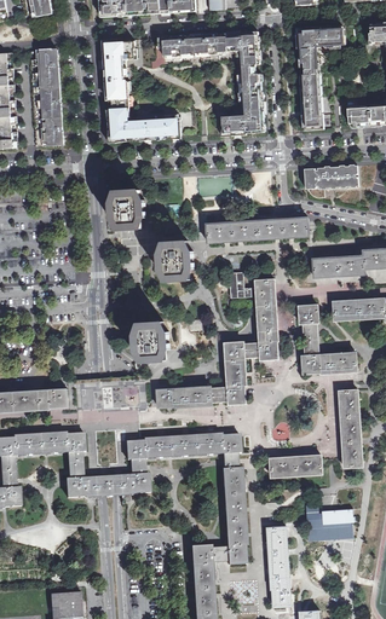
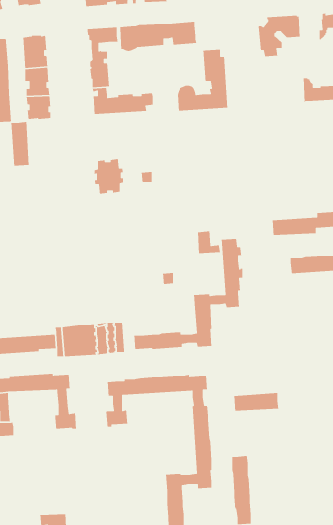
building: [226,31,260,65] -> none
building: [300,73,323,129] -> none
building: none -> [10,121,30,166]
building: [303,164,358,197] -> none
building: [207,218,309,242] -> none
building: [160,241,194,280] -> none
building: [299,305,357,374] -> none
building: [134,320,169,361] -> none
building: [339,389,362,465] -> none
building: [91,476,126,497] -> none
building: [306,504,355,540] -> none

